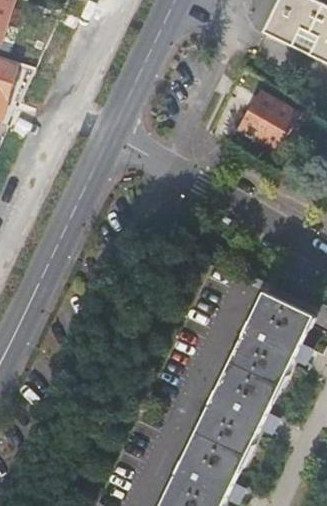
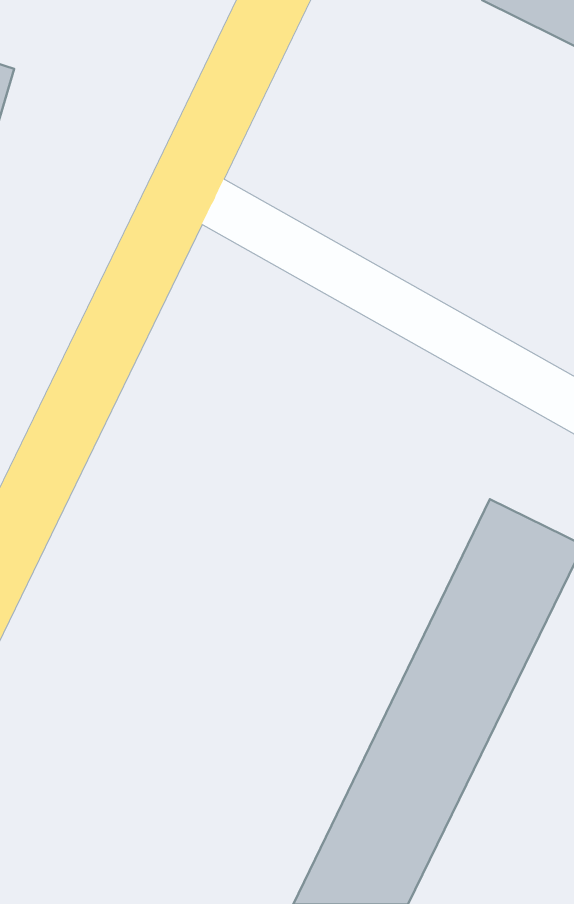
building: [240,91,298,151] -> none

